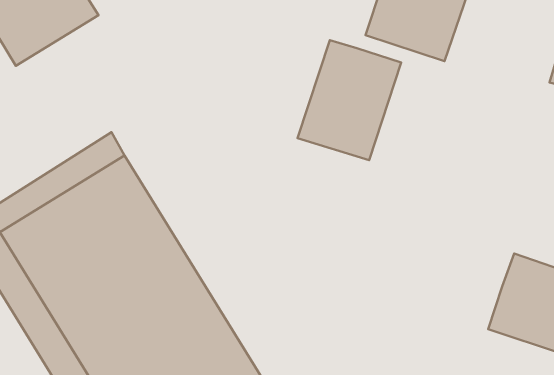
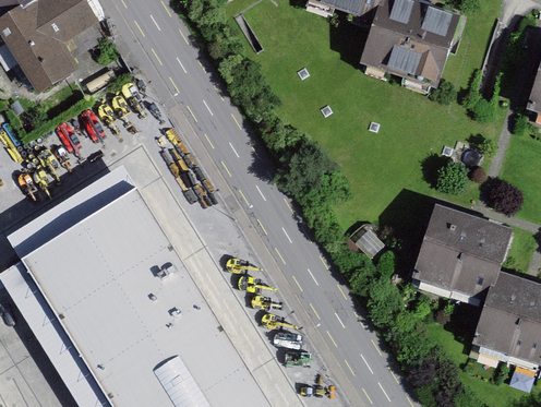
building: [298,40,401,160] -> none
building: none -> [410,205,509,302]

